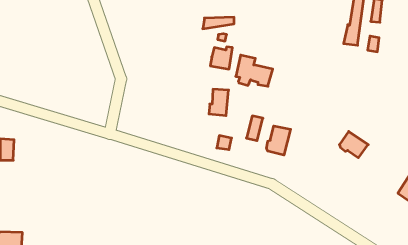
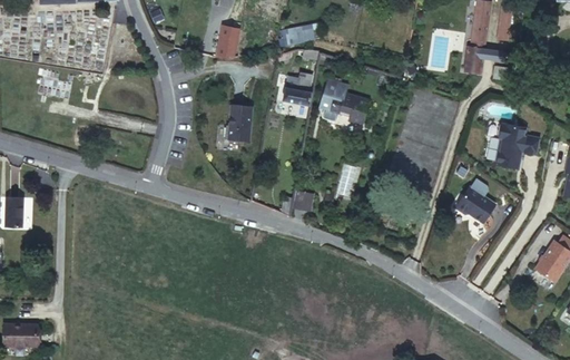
building: none -> [214,27,238,58]
building: none -> [495,120,540,166]
building: [209,89,229,116] -> [223,106,249,142]
building: [267,126,291,155] -> none

